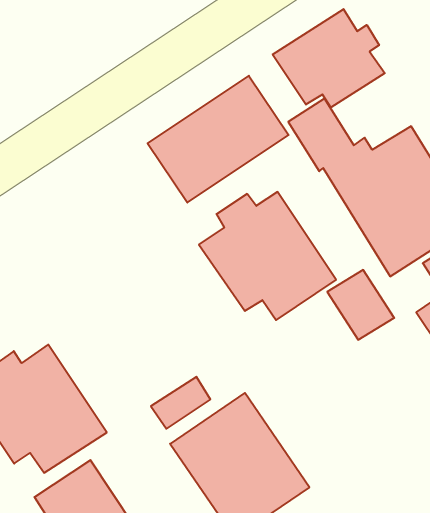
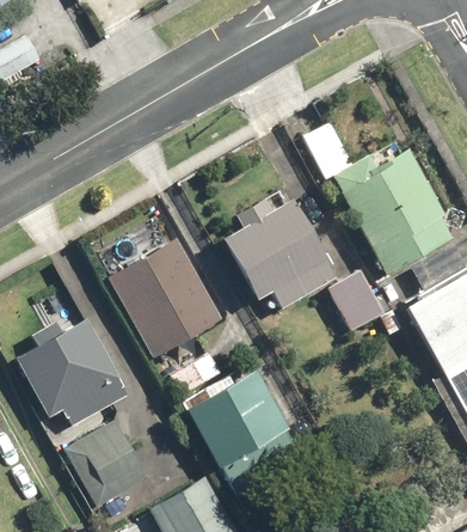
building: [273,9,385,108] -> none
building: [148,76,289,203] -> none
building: none -> [110,238,225,357]

